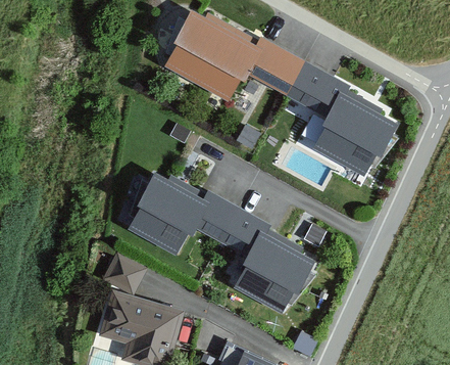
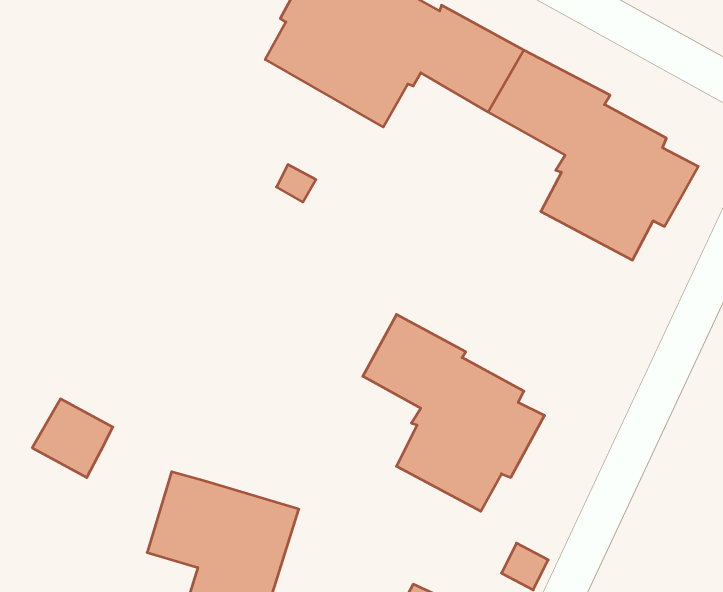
building: [127,172,234,255] -> none
building: [100,254,144,296] -> [32,399,113,478]

